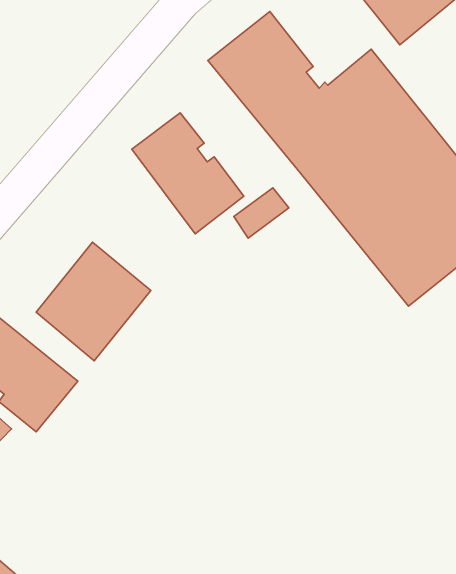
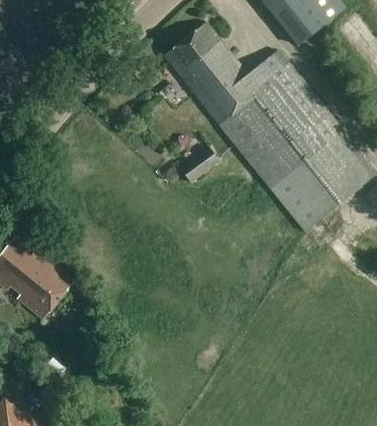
building: [132,113,244,234] -> none
building: [36,242,151,361] -> none

